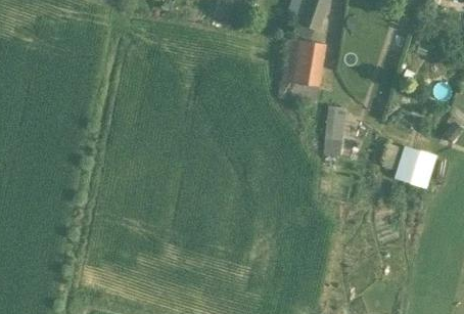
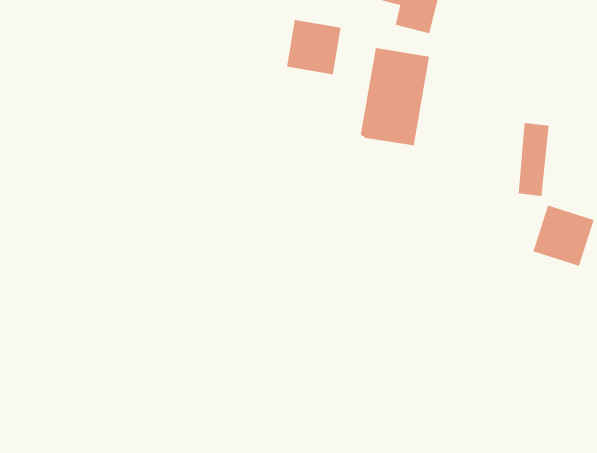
building: none -> [286,19,341,75]
building: [324,105,345,155] -> [518,122,550,197]

